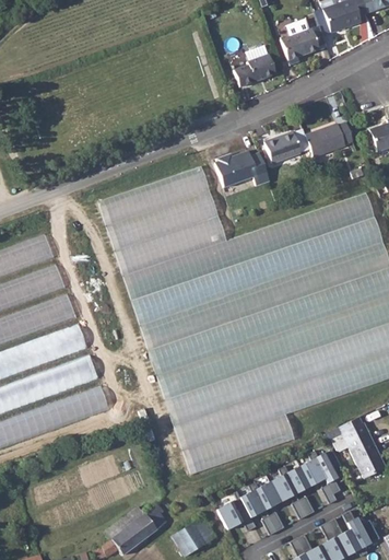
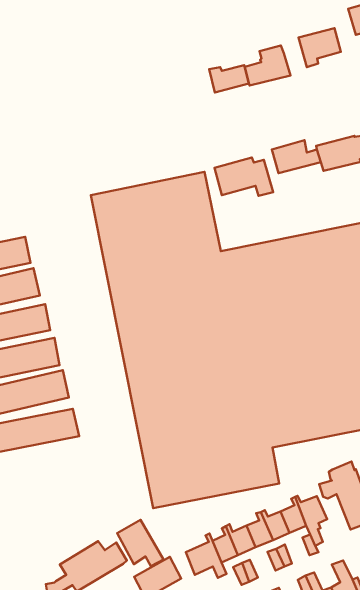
building: none -> [209,65,249,93]
building: none -> [117,520,163,566]

